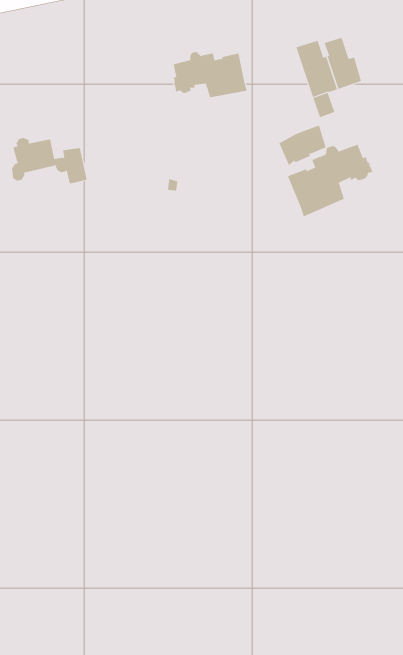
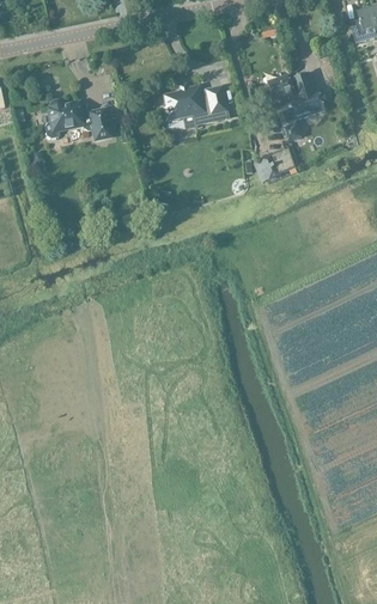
building: [11,137,87,184] -> [45,100,110,140]
building: [287,144,373,217] -> none

